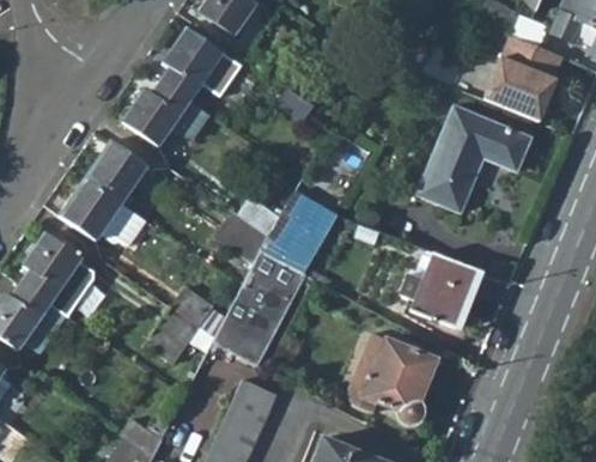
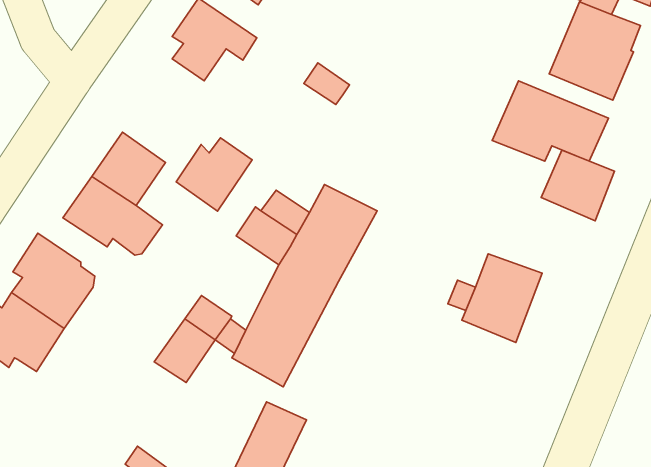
building: [122,83,188,146] -> [176,138,252,211]
building: [419,153,482,214] -> [541,150,614,221]
building: [351,330,437,424] -> none

